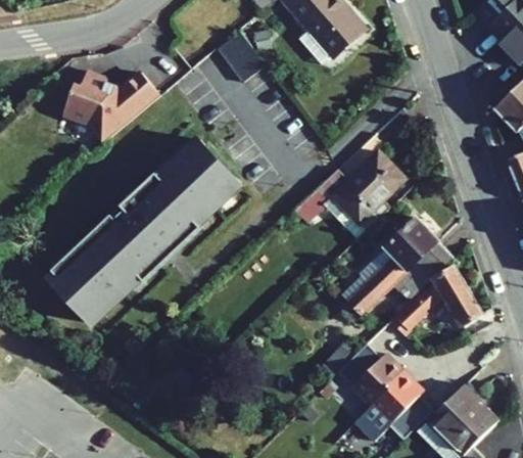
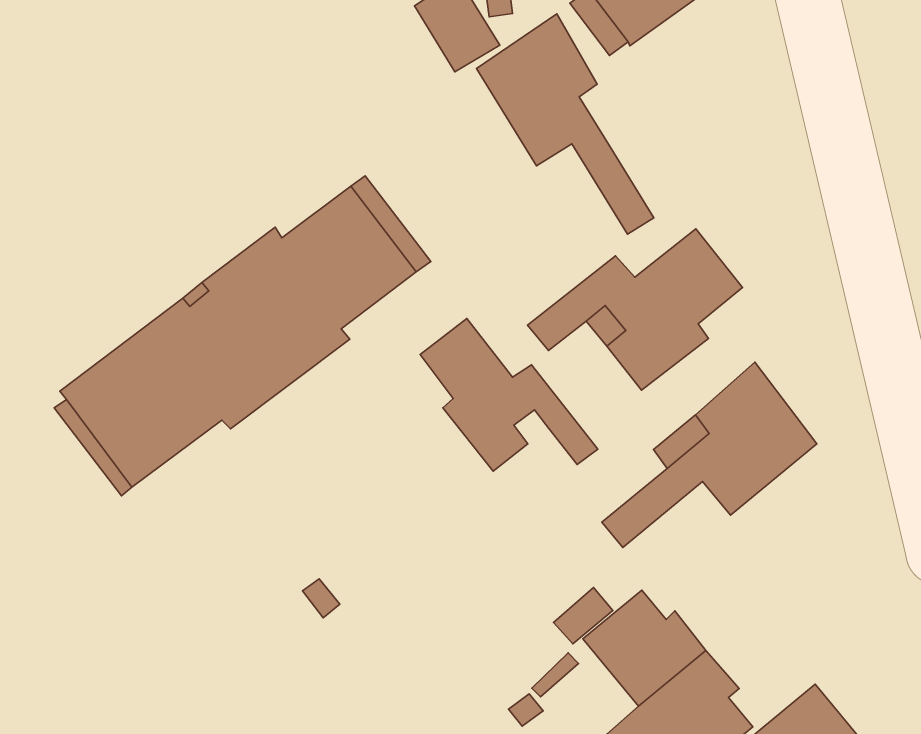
building: none -> [476,14,654,234]
building: [63,71,160,141] -> none
building: none -> [420,318,598,471]
building: [391,266,483,334] -> none

